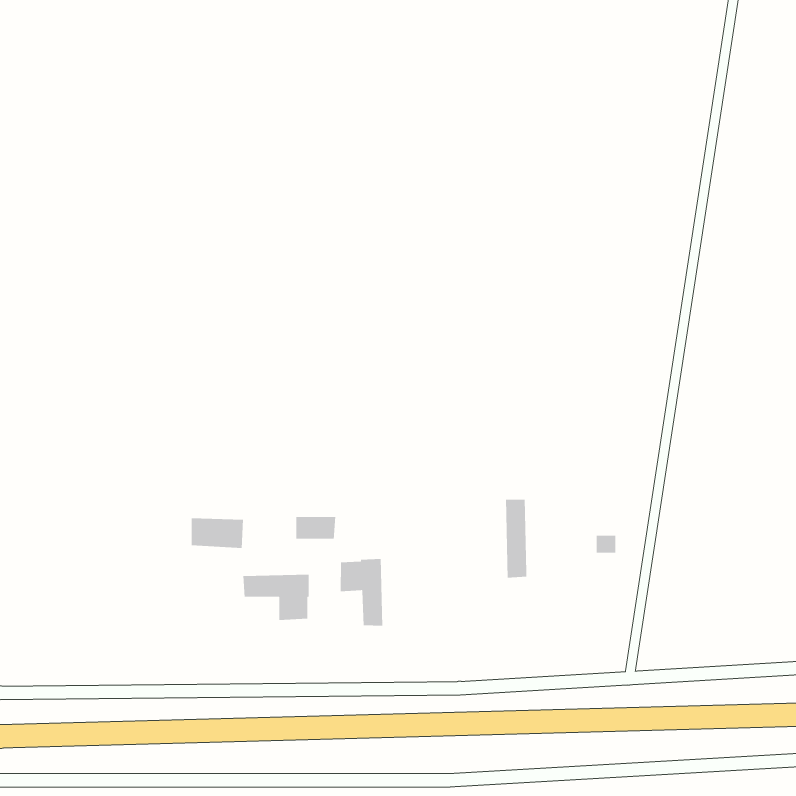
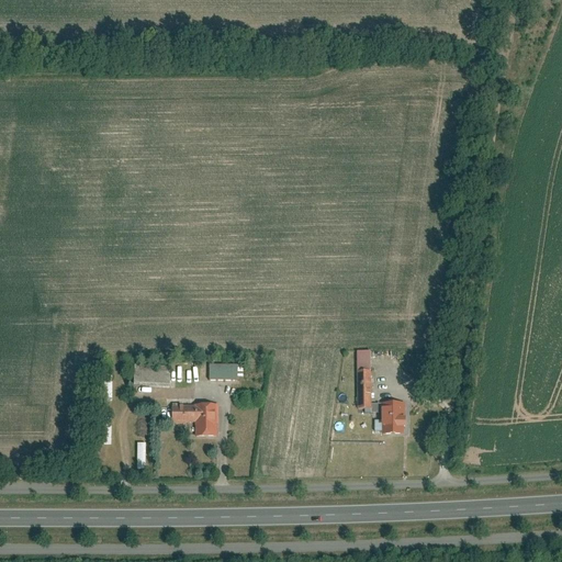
building: [340,558,383,626] -> none
building: none -> [381,401,406,432]

